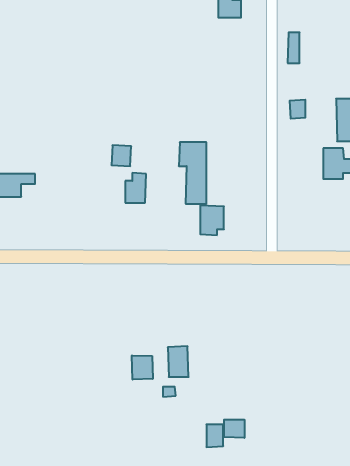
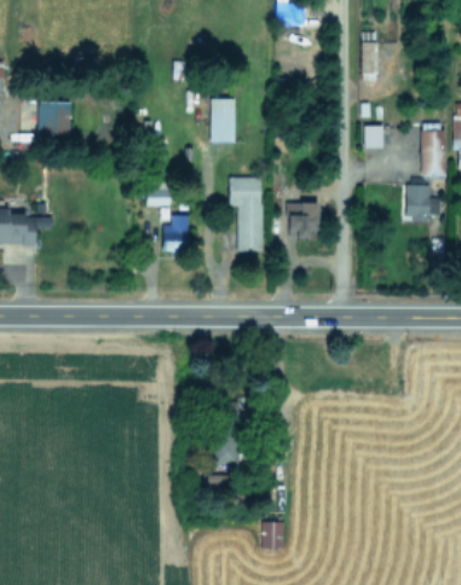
building: none -> [211,99,235,143]
building: none -> [39,102,71,141]
building: [200,205,224,235] -> [289,203,318,239]
building: [132,355,153,380] -> none
building: [224,420,244,438] -> none

